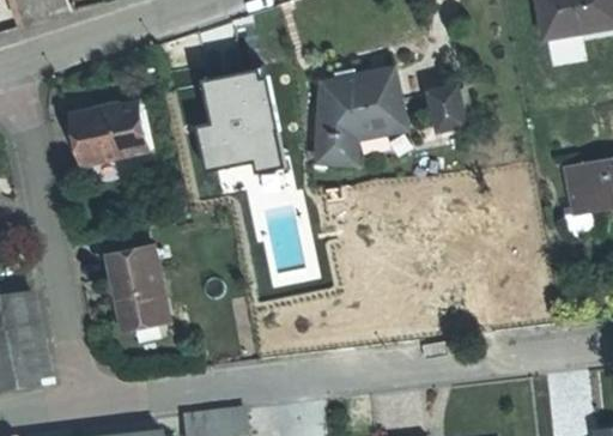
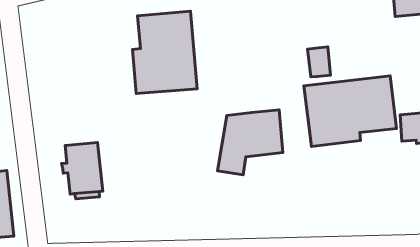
building: [317,69,405,163] -> [217,110,283,175]
building: [72,101,148,162] -> none
building: none -> [304,76,396,146]

